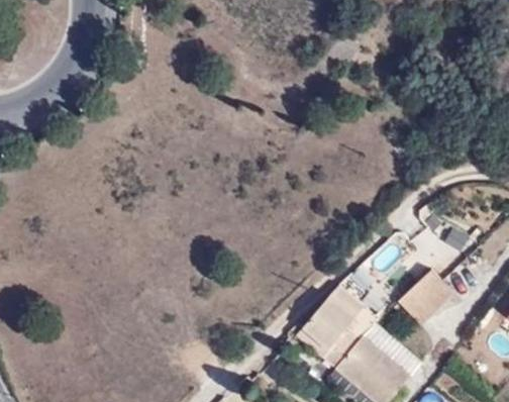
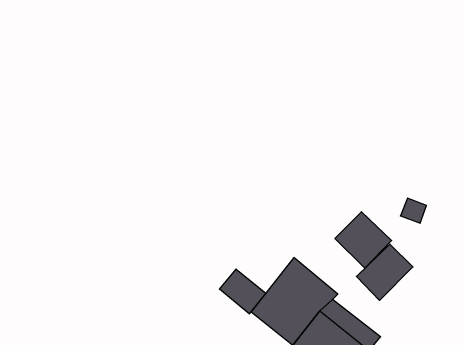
building: none -> [335,212,392,268]
building: none -> [219,269,266,314]

